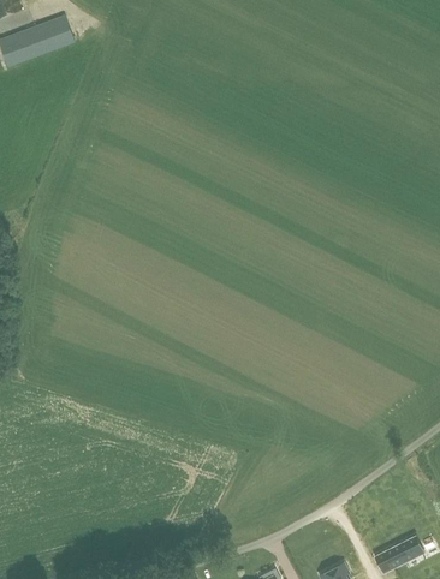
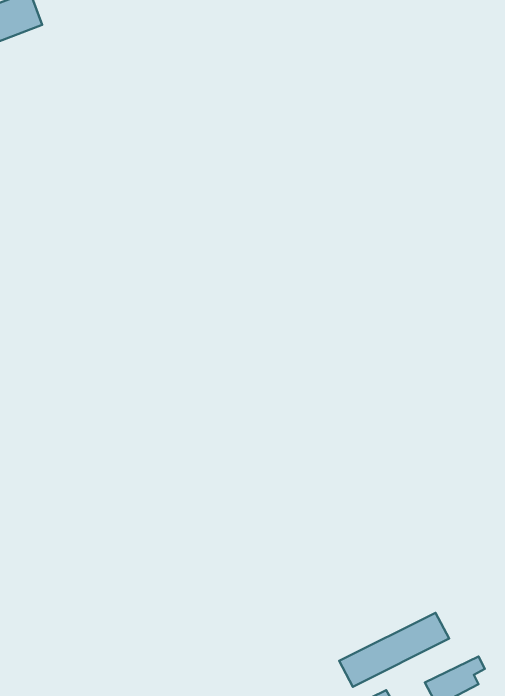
building: none -> [339,613,449,687]

